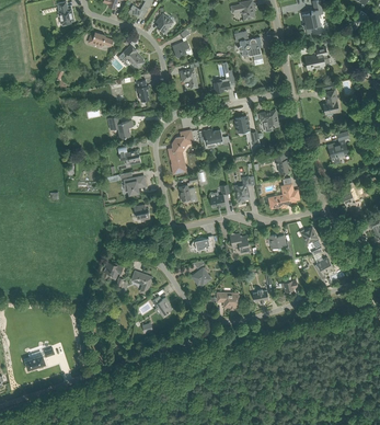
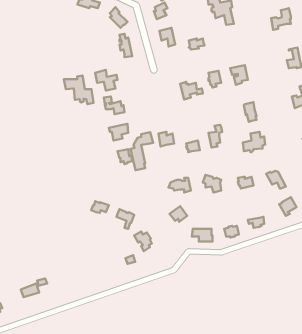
building: none -> [64,76,94,104]
building: [169,130,194,173] -> [131,132,153,170]

